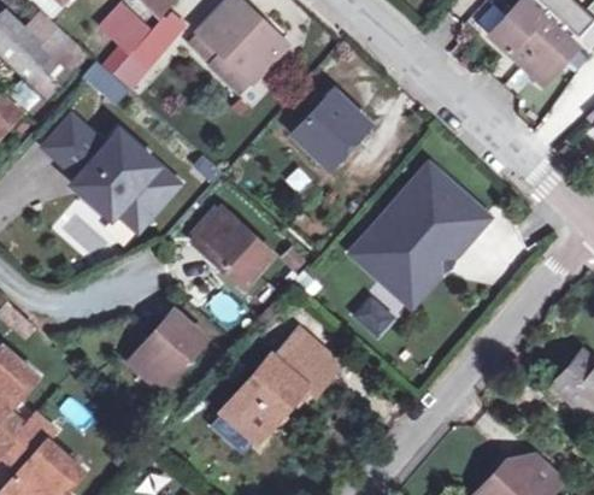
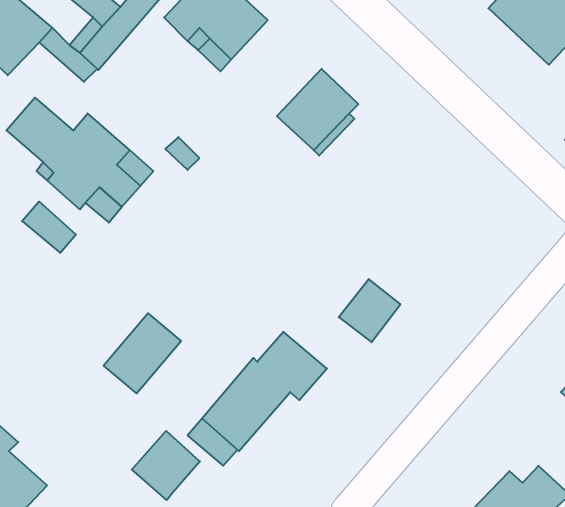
building: [351,164,490,306] -> none
building: [194,208,270,282] -> none
building: none -> [132,431,200,500]

